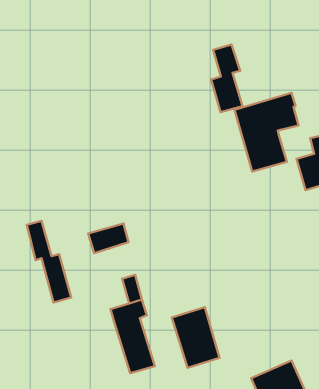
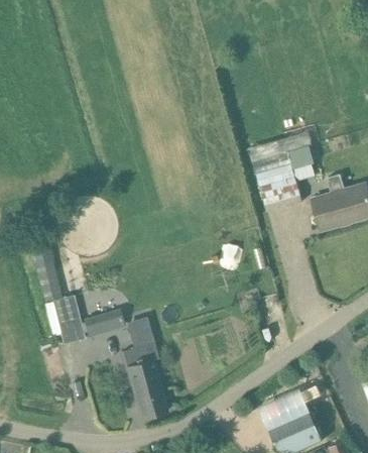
building: [211,45,242,112] -> none
building: [88,224,128,253] -> [83,307,124,337]
building: [172,307,220,368] -> none

